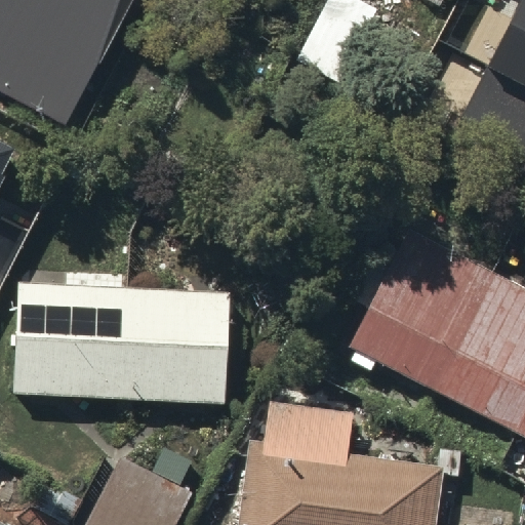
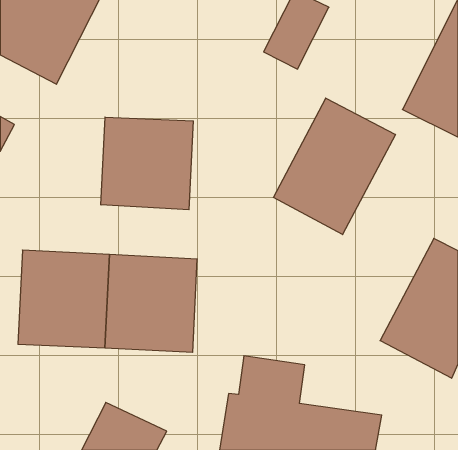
building: none -> [273,98,395,235]
building: none -> [101,117,193,210]
building: [353,230,496,390] -> none

